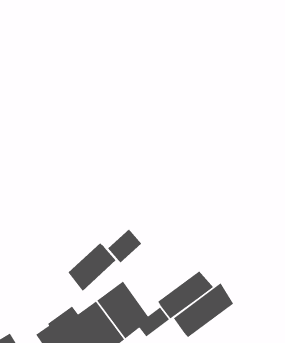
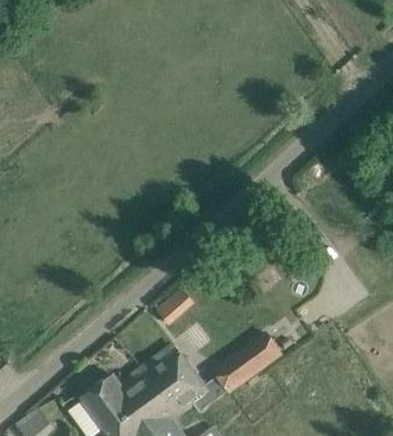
building: [67,243,117,292] -> none
building: [173,282,234,338] -> none

